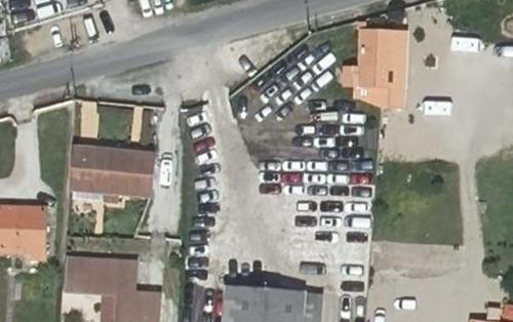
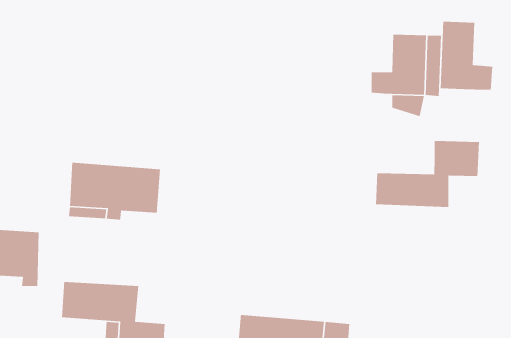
building: none -> [440,21,493,90]
building: none -> [375,140,480,208]

